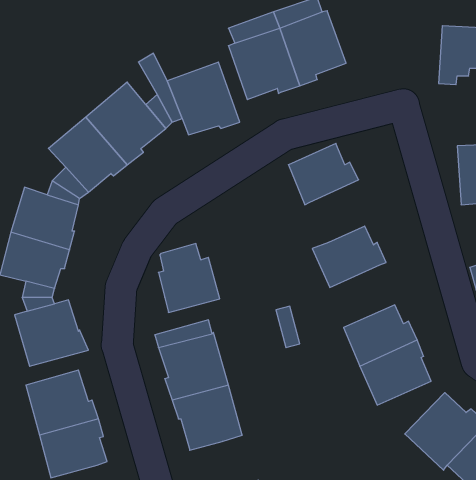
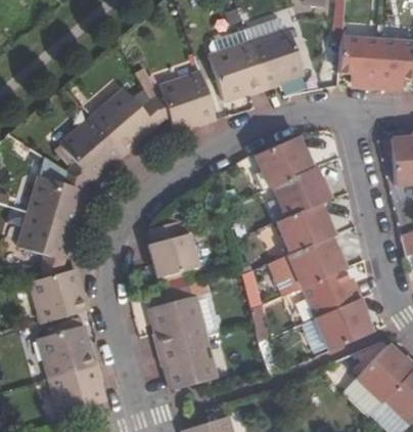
building: none -> [337,39,379,88]
building: none -> [271,167,329,218]
building: none -> [284,236,346,288]

